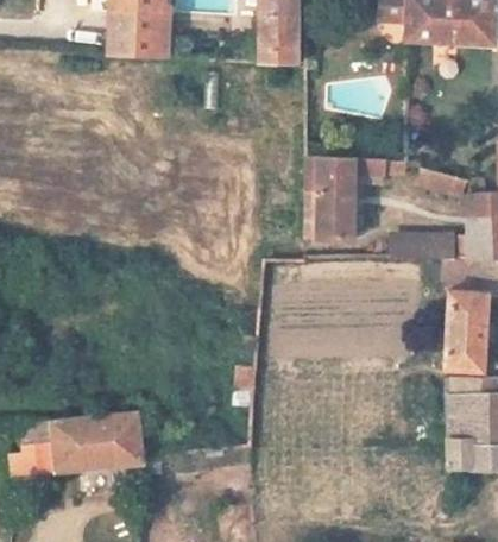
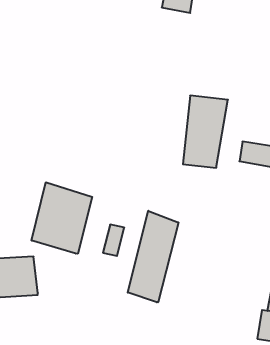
building: none -> [32,182,92,254]
building: none -> [128,211,178,302]

